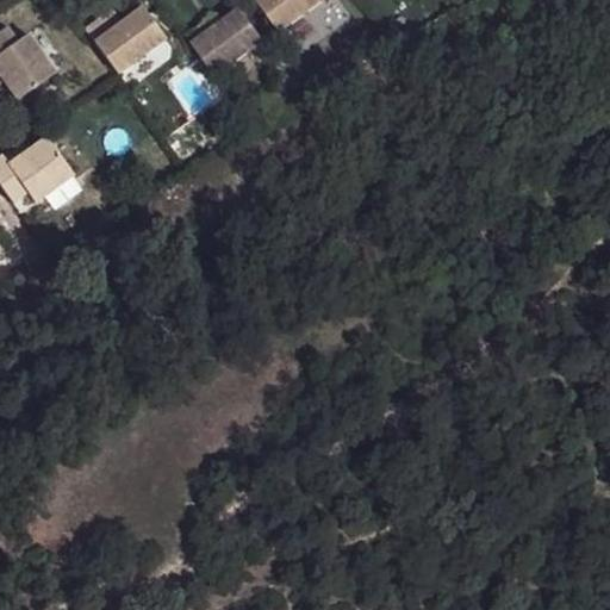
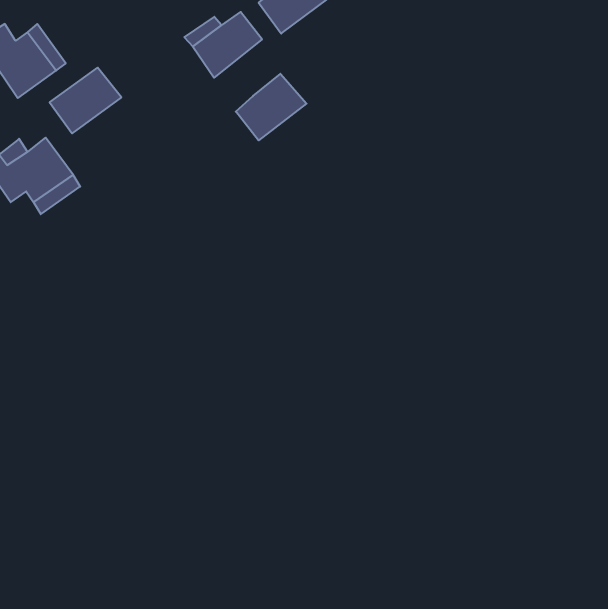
building: [92,6,163,71] -> [50,68,121,133]
building: none -> [236,74,307,140]

